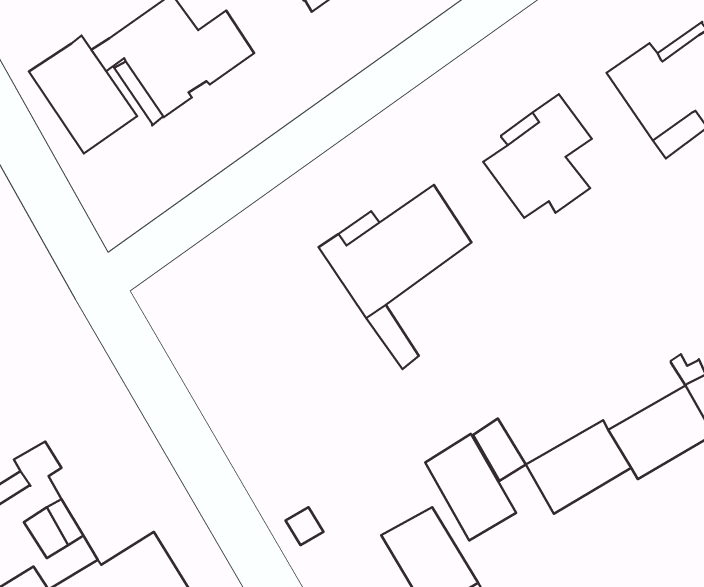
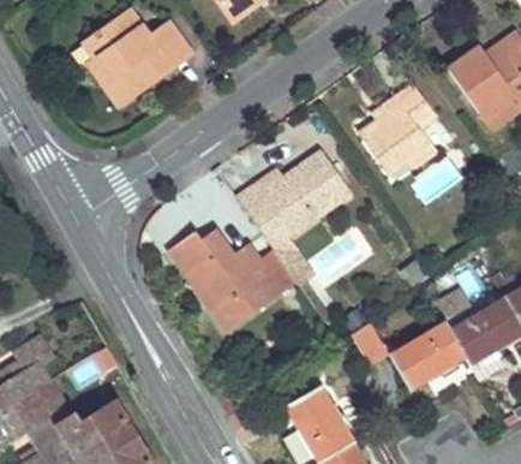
building: [29,36,137,154] -> none
building: none -> [167,230,282,328]
building: [425,434,516,540] -> none

